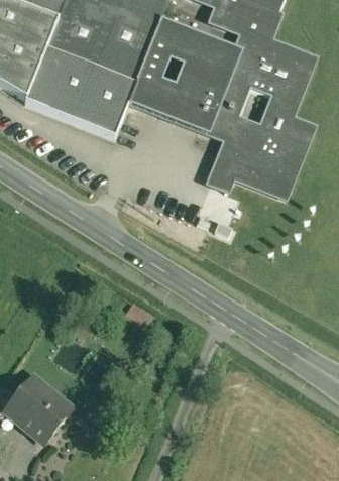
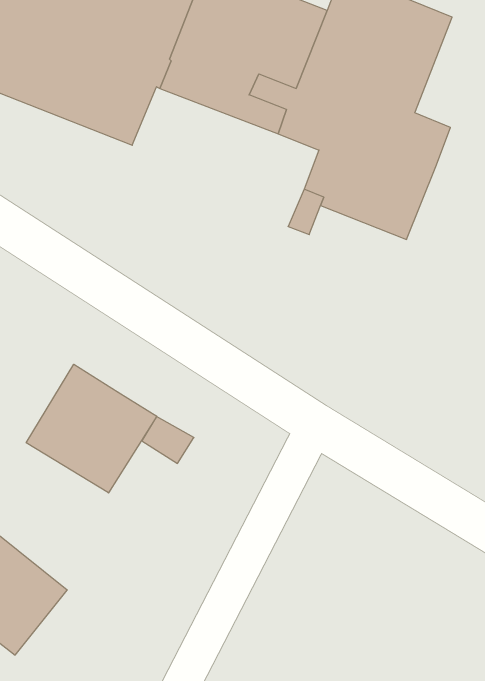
building: none -> [26,364,157,493]

